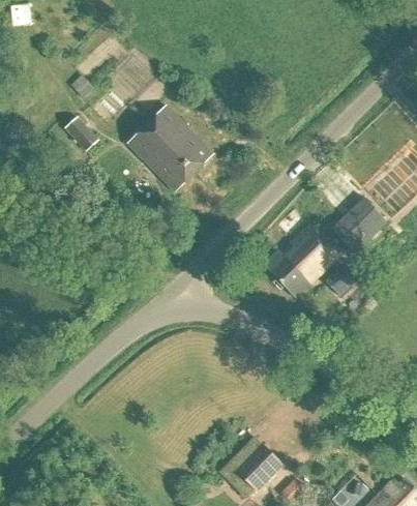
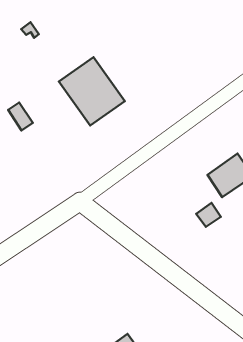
building: [65,116,98,150] -> [8,103,33,130]
building: [265,226,339,296] -> none

